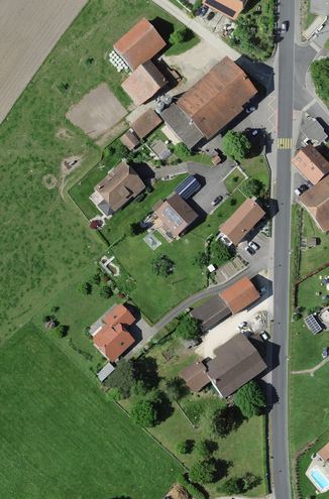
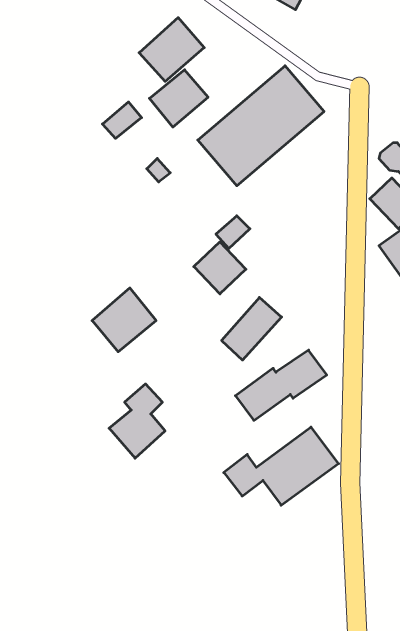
building: [130,108,160,136] -> [102,102,142,138]
building: [94,160,143,210] -> [92,288,156,352]
building: [219,197,265,245] -> [222,297,282,360]

